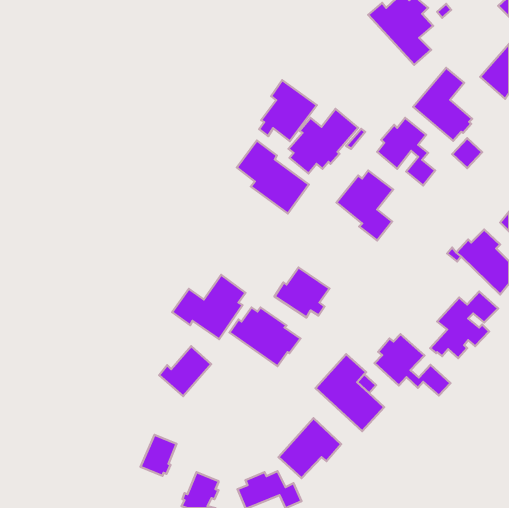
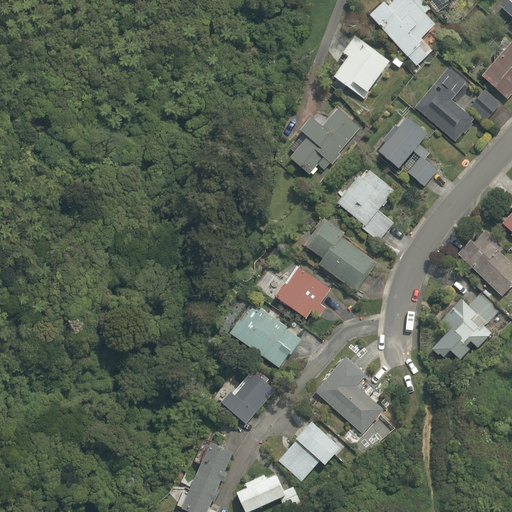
building: [259,80,317,141] -> [331,37,389,98]
building: [452,138,482,168] -> [469,91,499,121]
building: [237,141,309,213] -> [304,218,376,291]
building: [172,275,246,339] -> none
building: [374,334,450,395] -> none
building: [159,346,211,396] -> [222,372,274,422]
building: [141,435,176,476] -> [197,441,233,482]

